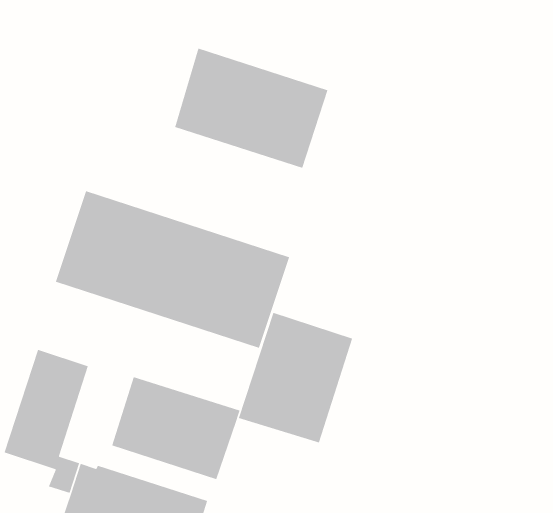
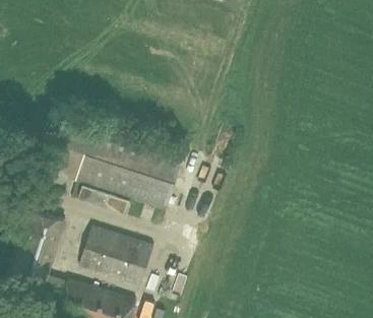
building: [174,48,328,169] -> none
building: [238,312,353,443] -> none

